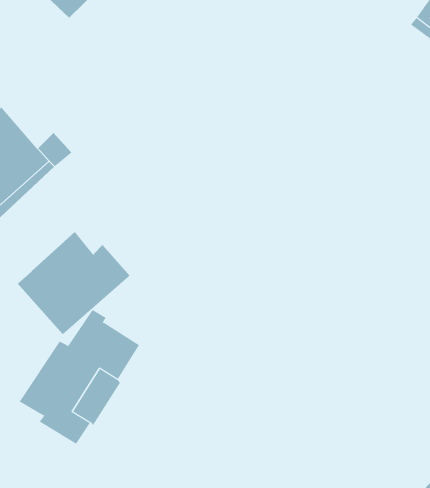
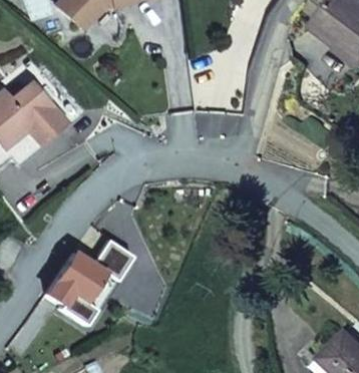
building: [17,231,130,335] -> none

